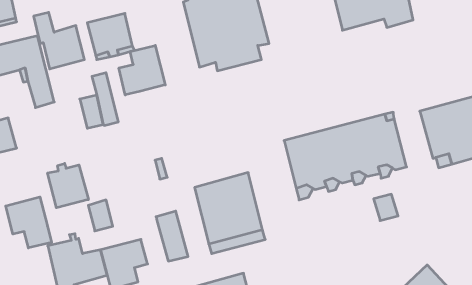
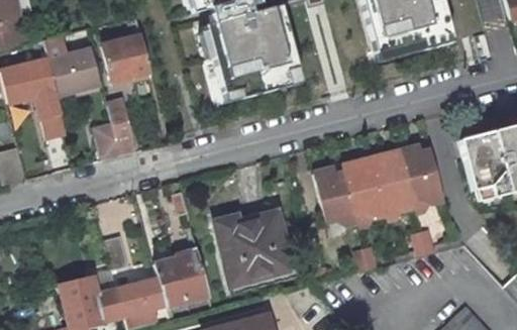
building: [119,45,165,95] -> none
building: [48,163,88,208] -> none
building: [6,197,52,248] -> none
building: none -> [154,256,188,306]

